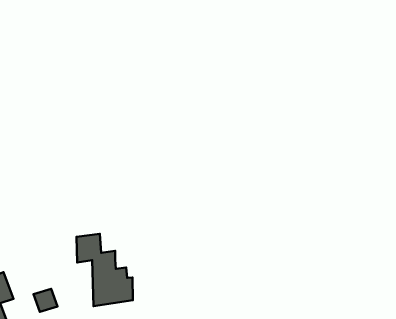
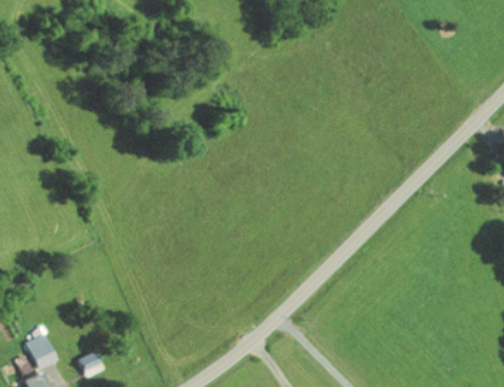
building: [76,234,133,306] -> none

